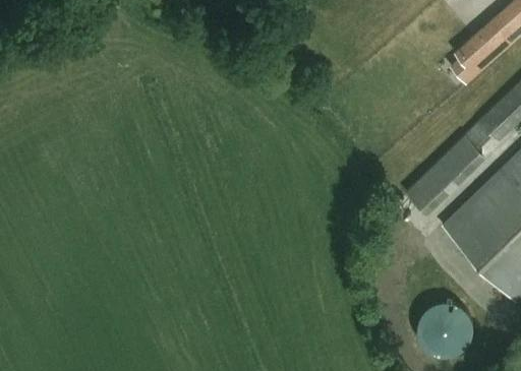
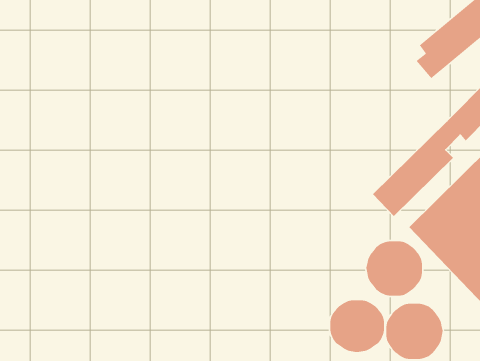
building: none -> [366,240,423,296]
building: none -> [329,300,385,353]

